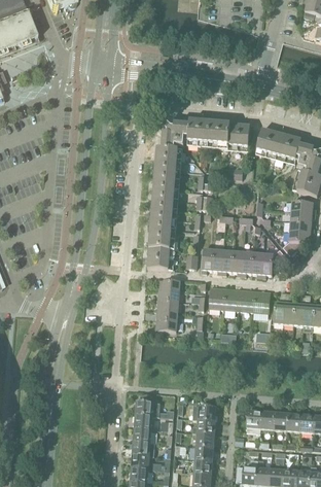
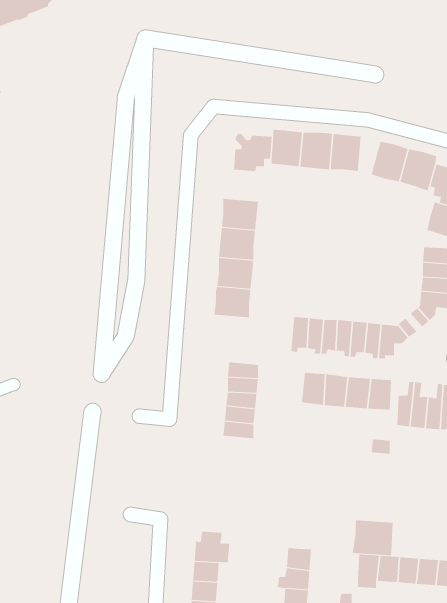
building: [154,147,180,169] -> none
building: [147,246,173,269] -> none
building: none -> [352,520,393,556]

